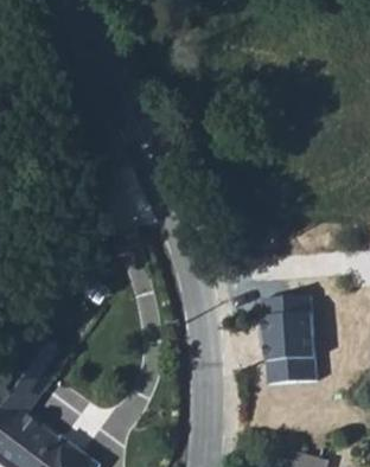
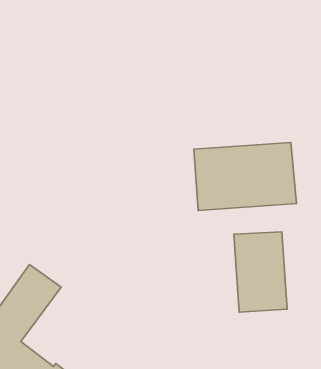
building: none -> [194,143,296,210]

